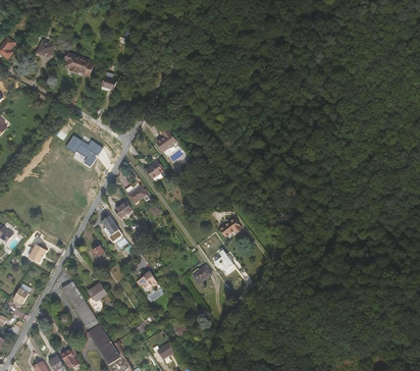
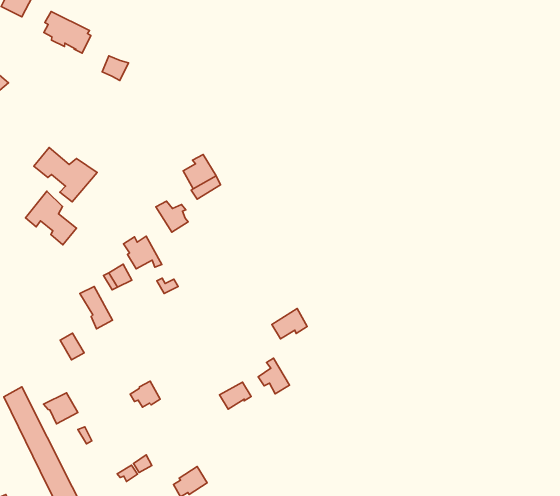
building: none -> [26,191,77,245]

